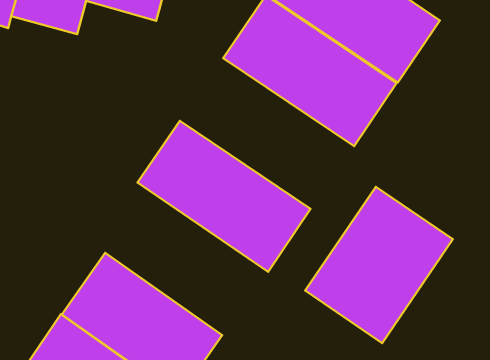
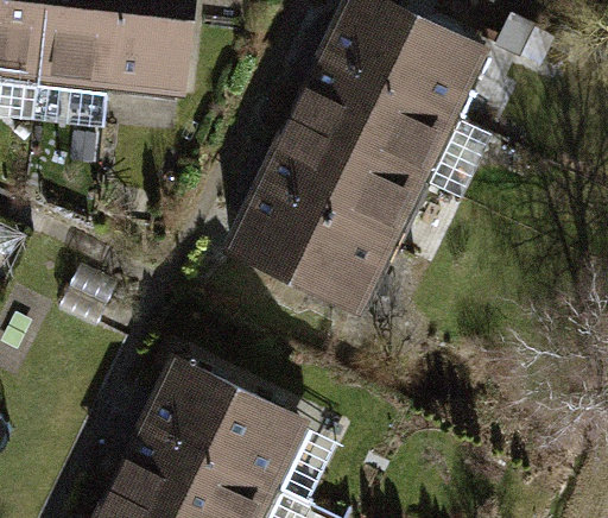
building: none -> [235,125,422,267]
building: [305,187,453,343] -> none

